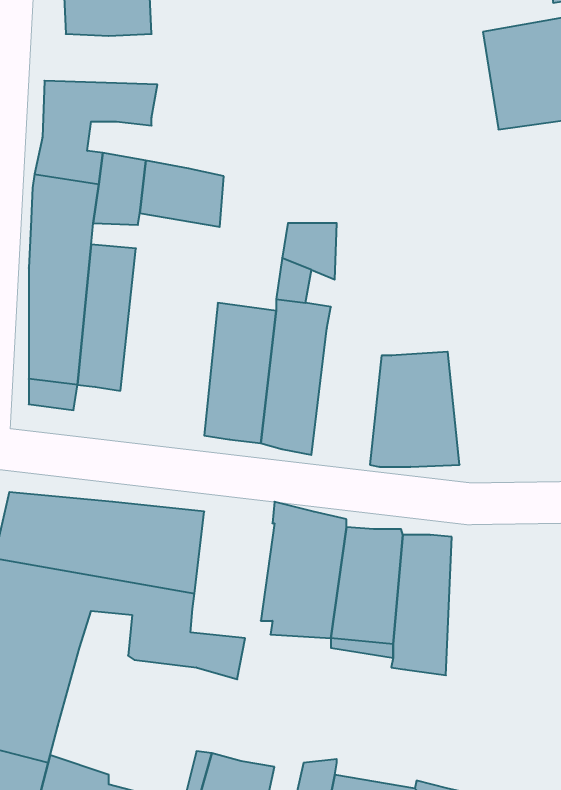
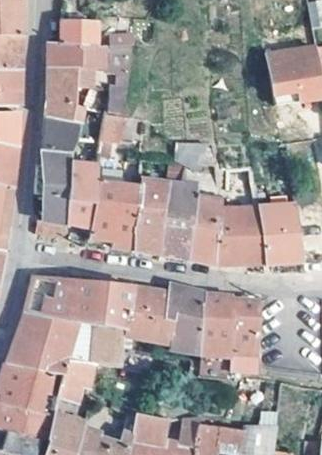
building: none -> [51,43,132,88]
building: none -> [89,154,141,250]
building: none -> [188,195,224,265]
building: none -> [258,205,303,265]
building: none -> [127,289,169,345]
building: none -> [58,359,97,405]

